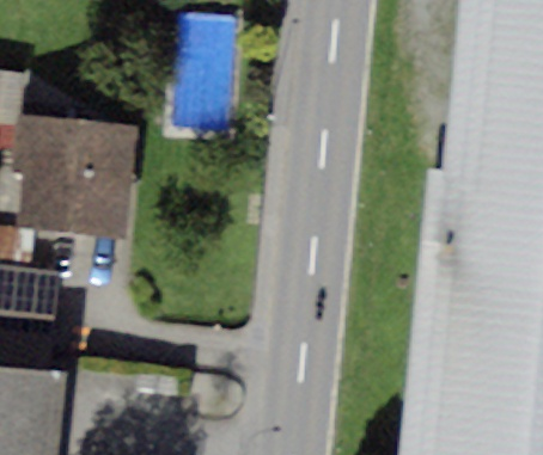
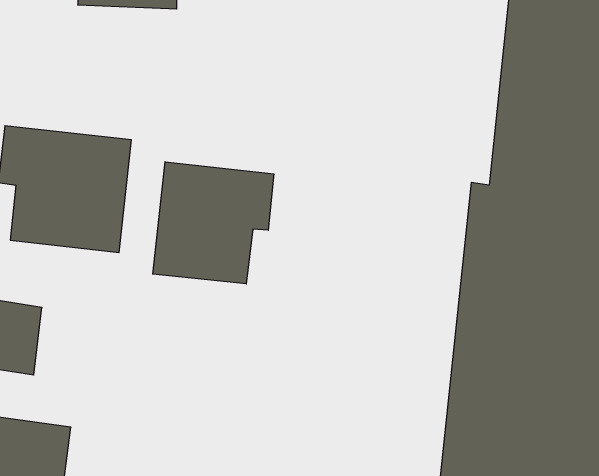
building: none -> [153,162,274,284]

